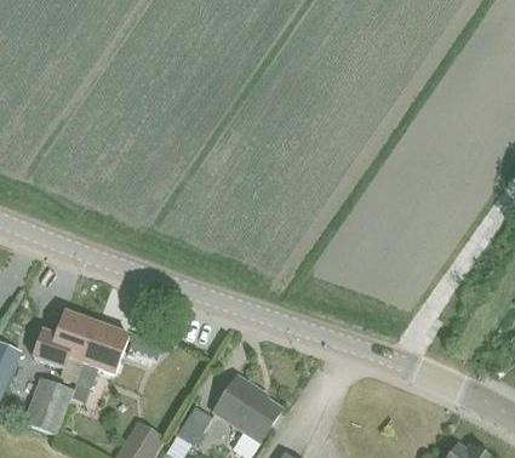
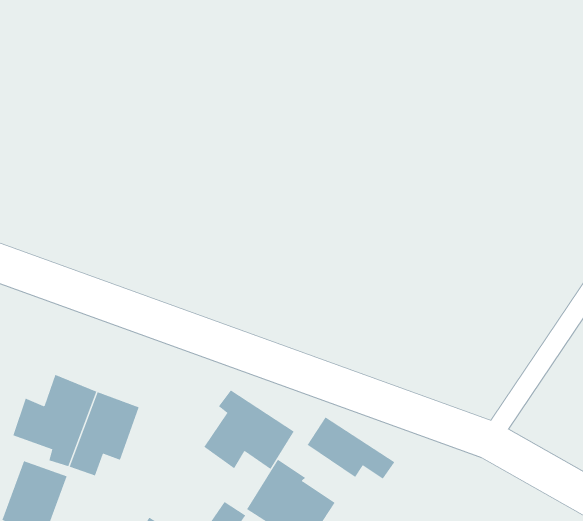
building: none -> [203,389,295,470]
building: none -> [307,416,395,480]

